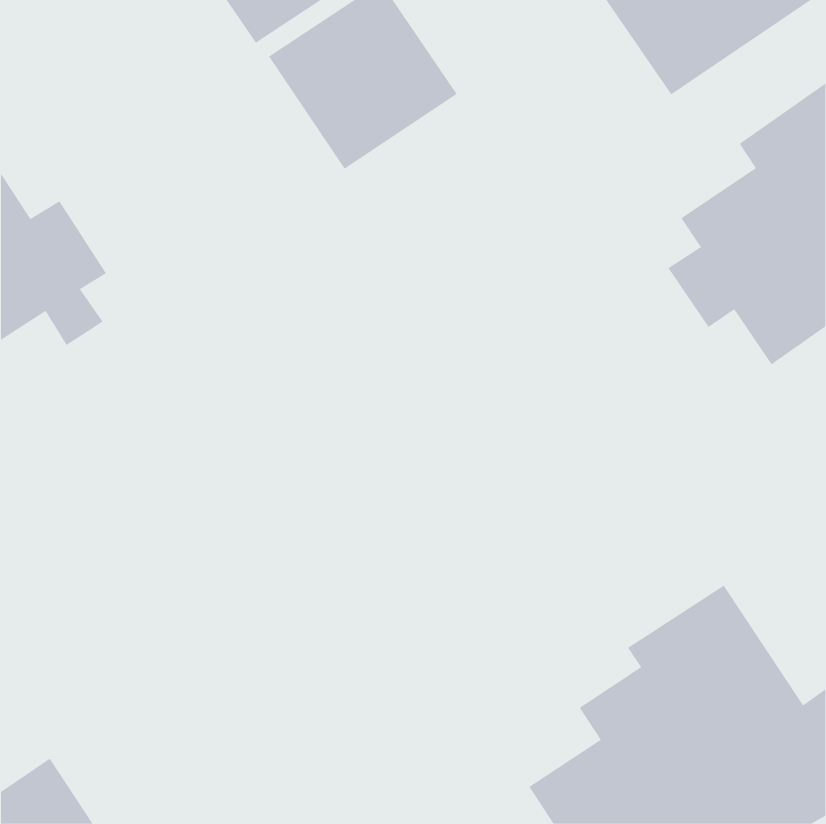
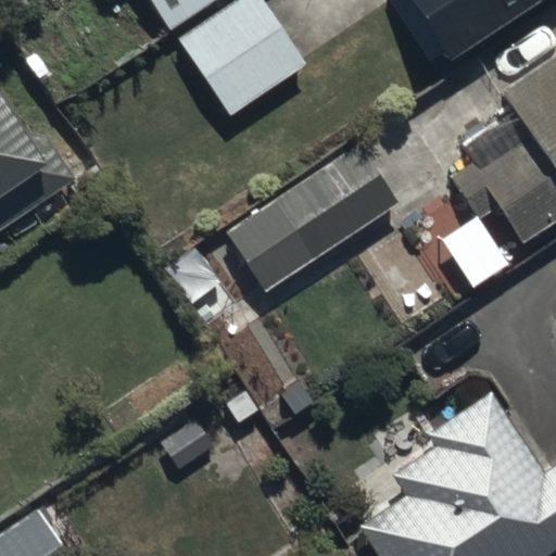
building: none -> [222,147,394,292]

